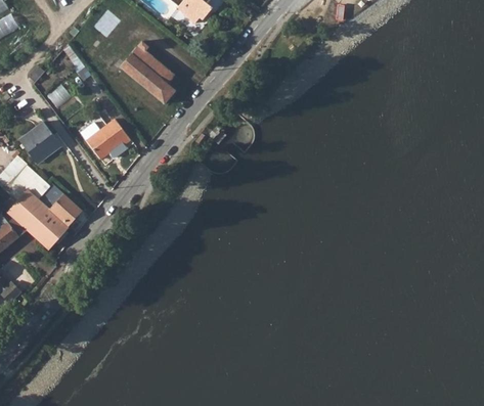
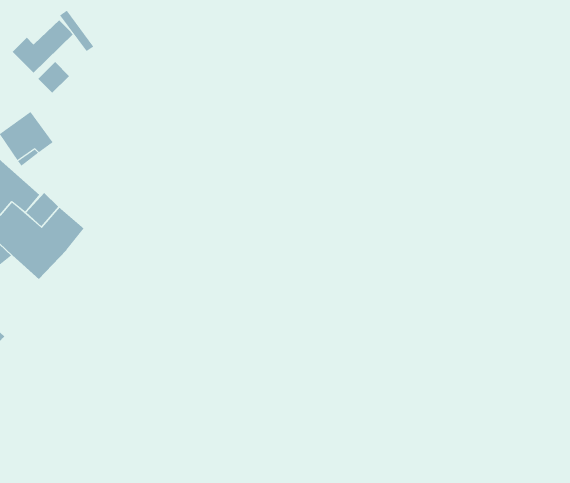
building: [120,41,174,102] -> none
building: [84,121,128,161] -> none

